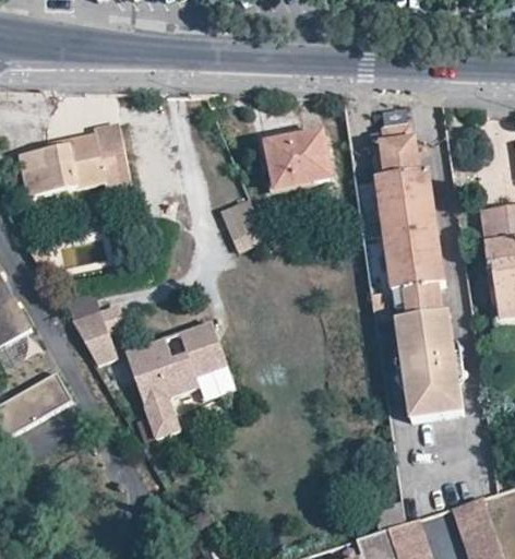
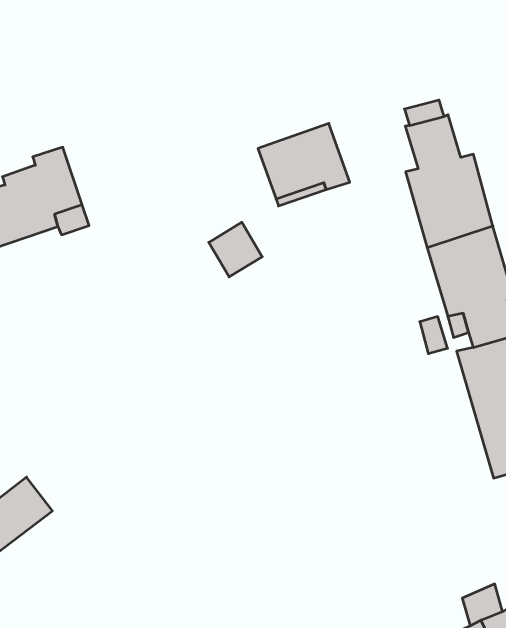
building: [65,307,111,360] -> none
building: [120,318,226,437] -> none

